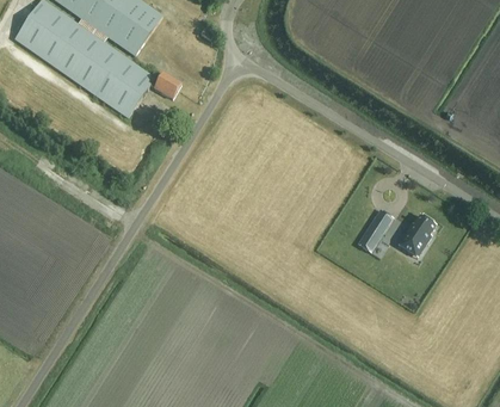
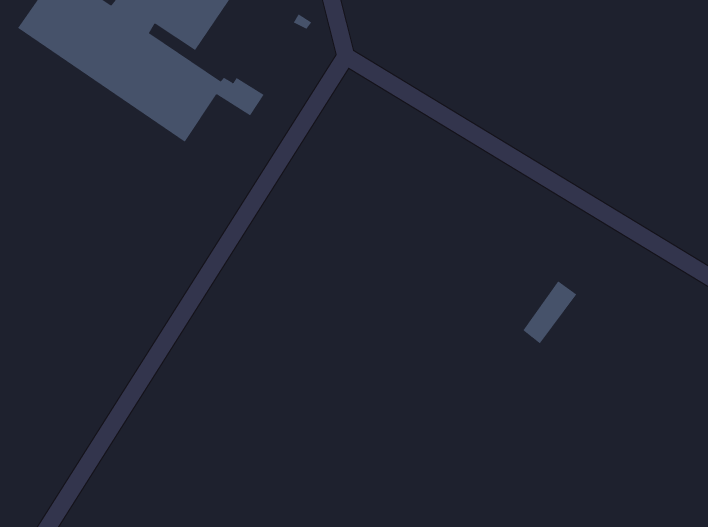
building: [397,211,437,254] -> none

